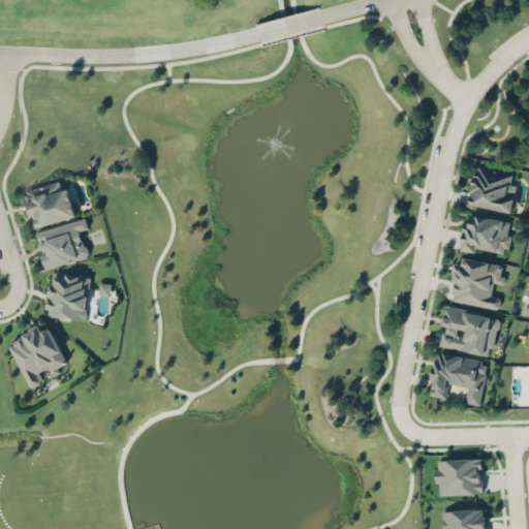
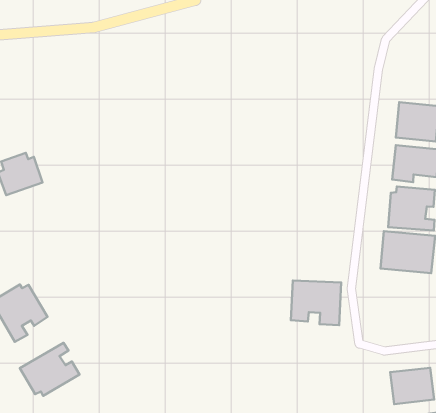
building: [36,219,89,270] -> none
building: [46,274,91,320] -> none
building: [429,352,488,406] -> [291,280,341,325]
building: none -> [20,343,80,396]

